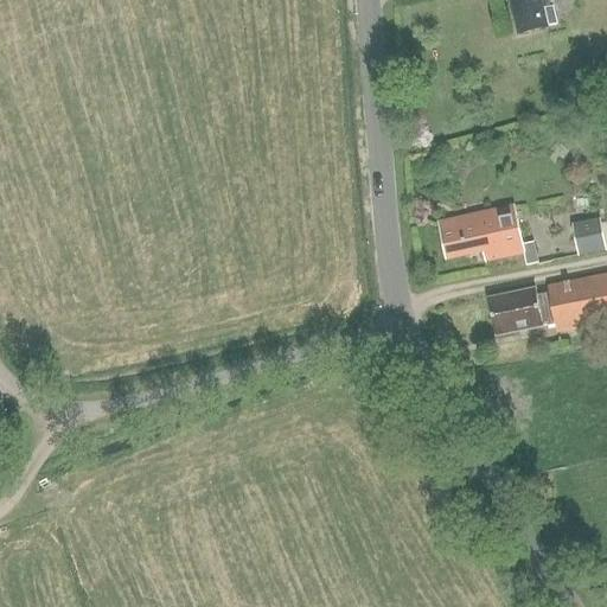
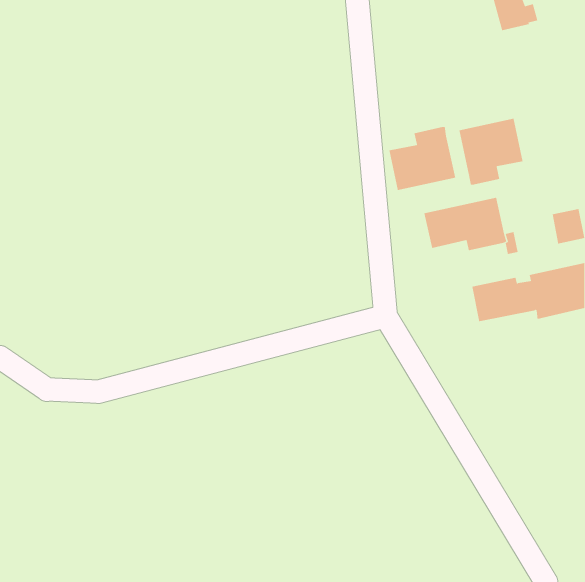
building: none -> [459,118,523,186]
building: none -> [389,126,456,191]

